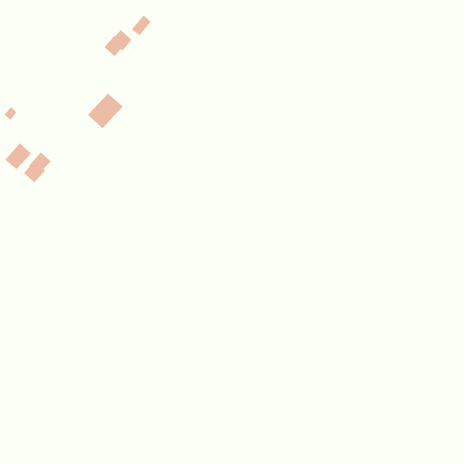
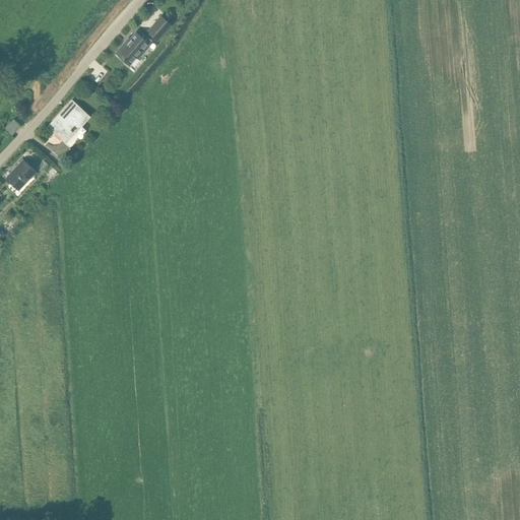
building: [87,93,123,129] -> [48,102,88,142]
building: [23,152,52,183] -> none

